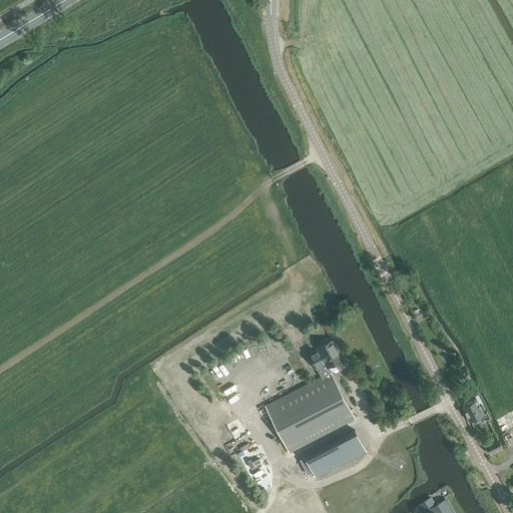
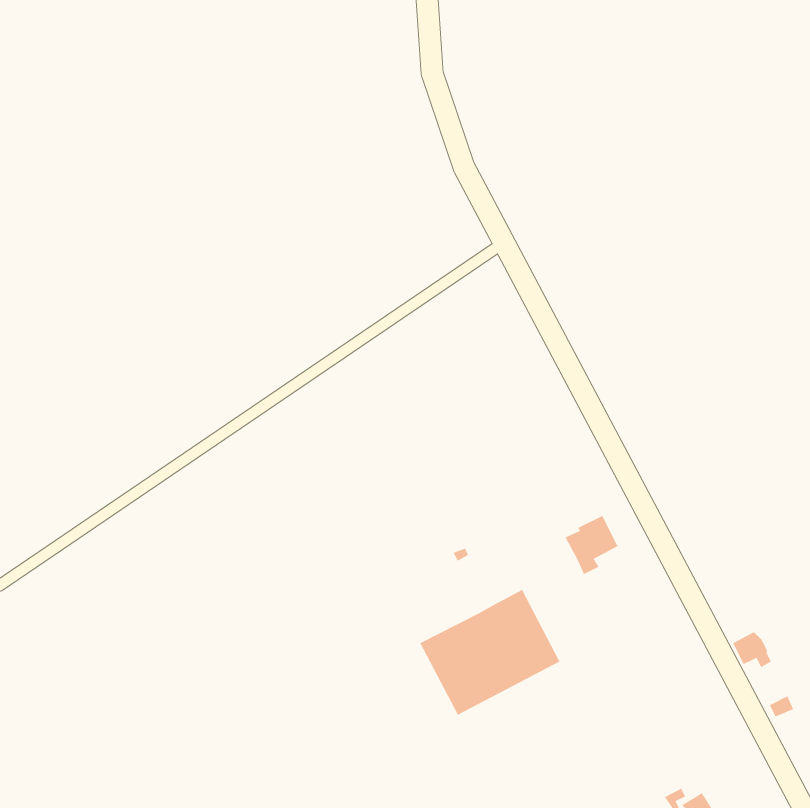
building: [308,341,342,379] -> [565,515,619,575]
building: [304,432,365,479] -> none

